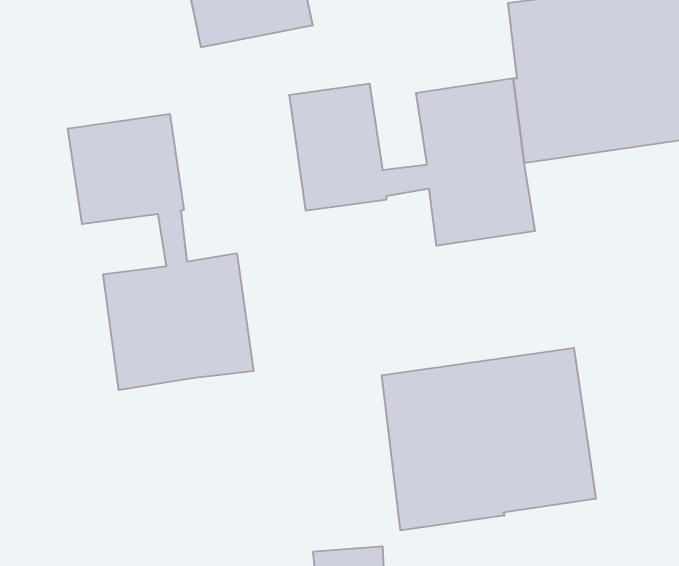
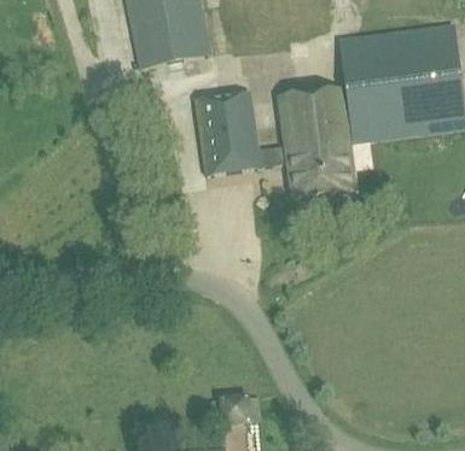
building: [68,114,253,390] -> none
building: [382,348,596,530] -> none

